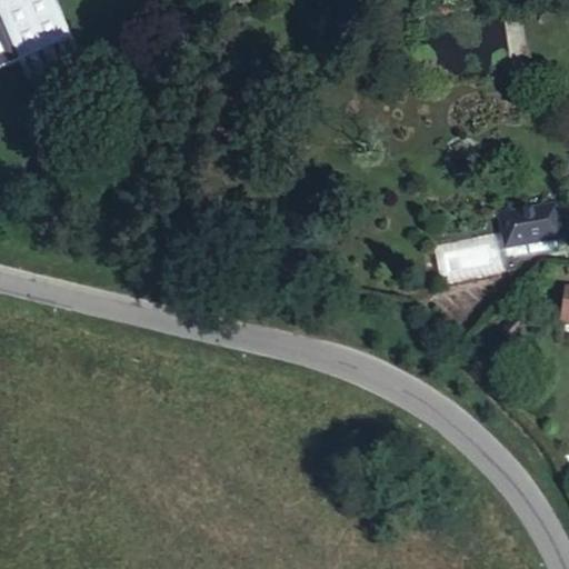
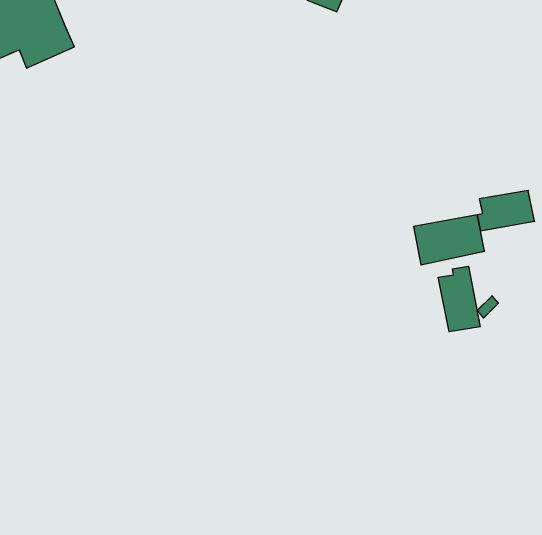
building: none -> [438,266,480,332]

